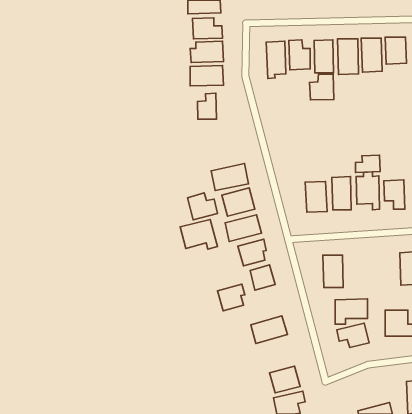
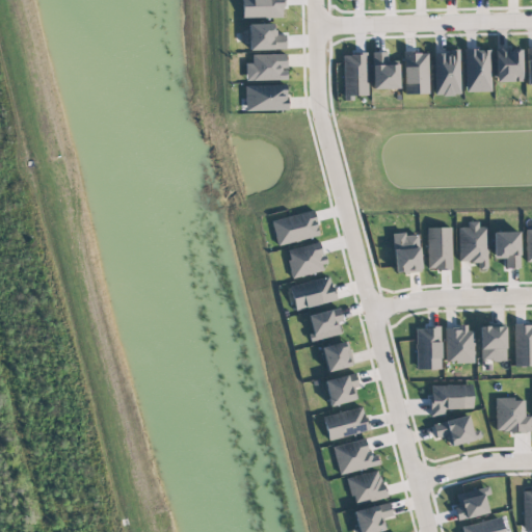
building: [310,74,334,100] -> none
building: [198,93,217,119] -> none
building: [356,155,380,172] -> none
building: [188,193,217,220] -> none
building: [180,219,218,249] -> none
building: none -> [481,325,507,361]
building: none -> [447,327,476,363]
building: [217,284,245,311] -> [325,372,361,406]
building: none -> [335,438,382,473]
building: none -> [456,486,491,520]

